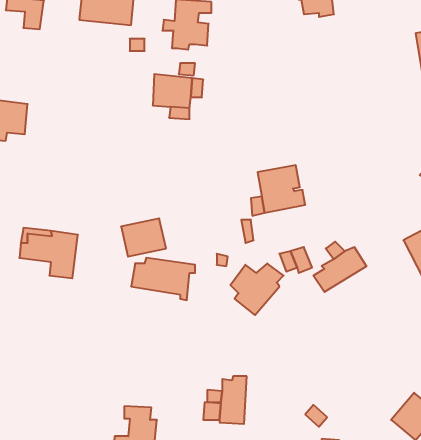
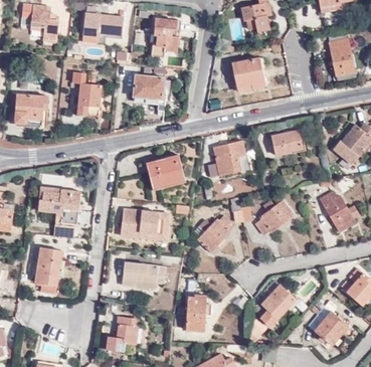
building: none -> [231,57,264,86]
building: none -> [76,82,103,115]
building: none -> [271,130,302,155]
building: [121,218,166,257] -> [144,157,177,185]
building: none -> [35,249,60,295]
building: none -> [120,264,163,290]
building: none -> [254,282,295,326]

